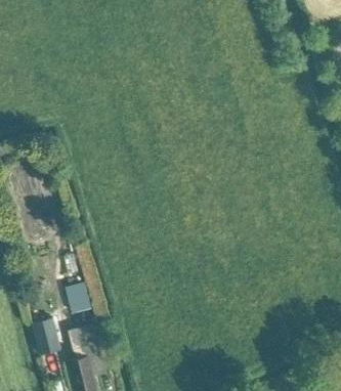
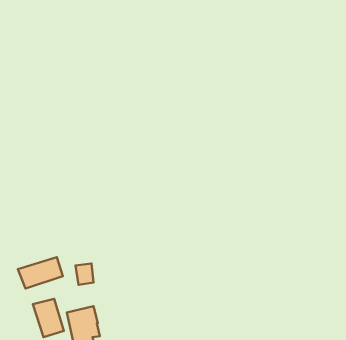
building: none -> [18,257,63,288]

